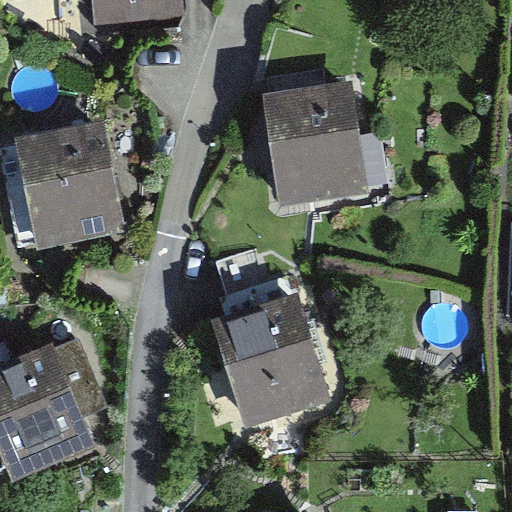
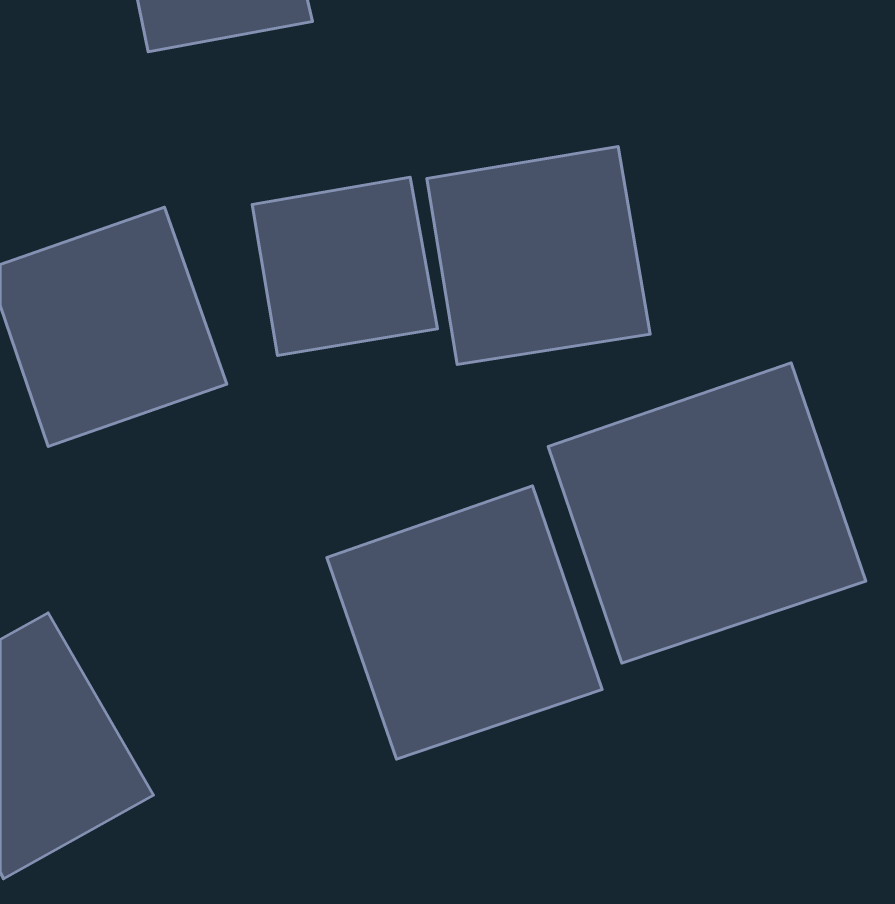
building: none -> [252,177,437,355]
building: none -> [548,363,866,663]

